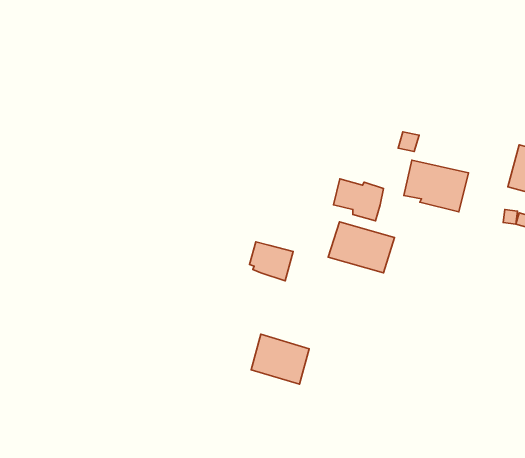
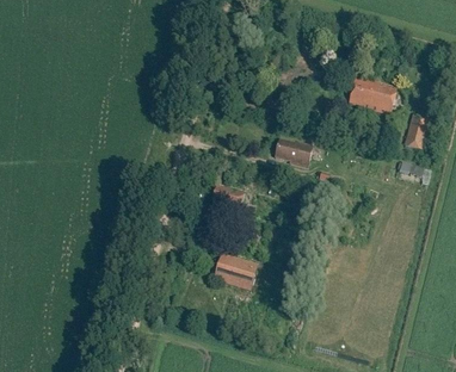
building: [404,160,468,212] -> [349,76,396,114]
building: [328,222,395,273] -> none

